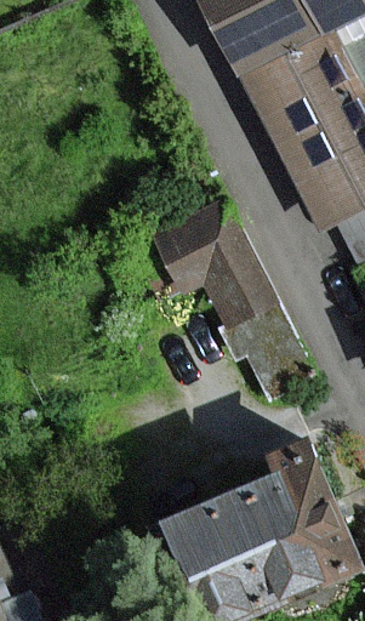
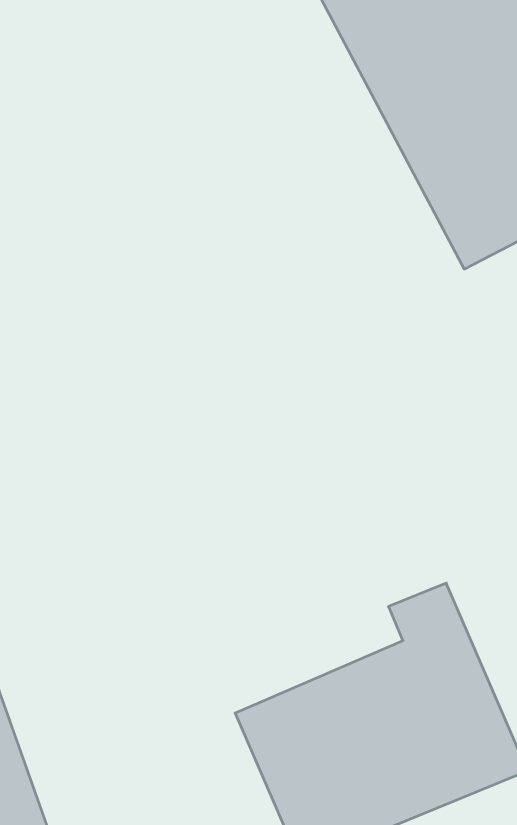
building: [143,200,295,380] -> none

